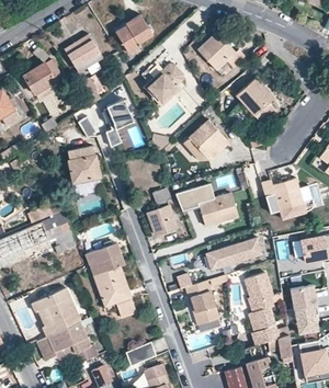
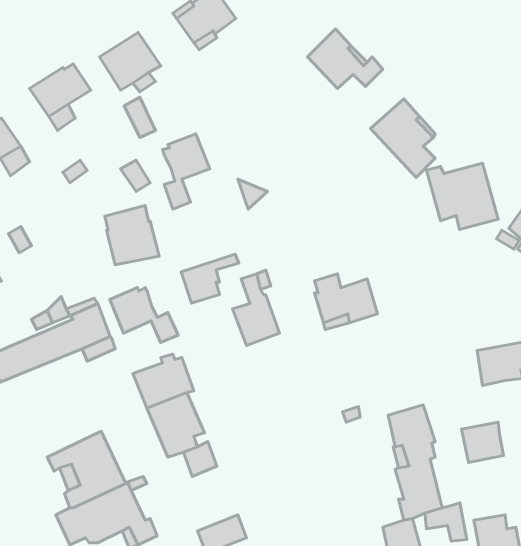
building: [143,66,182,109] -> none
building: [182,123,227,164] -> none
building: [260,179,305,220] -> [426,163,498,229]
building: [177,183,213,214] -> [181,254,239,303]
building: none -> [110,287,178,342]
building: [206,237,262,270] -> none
building: [185,277,220,323] -> none
building: [295,303,319,331] -> none

